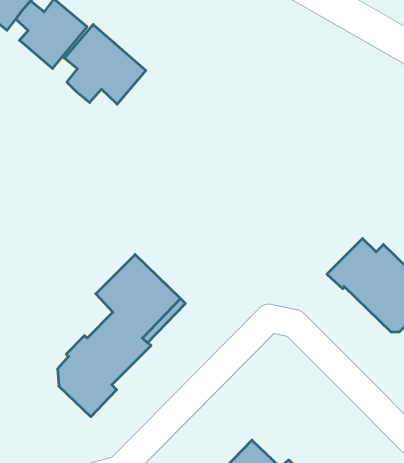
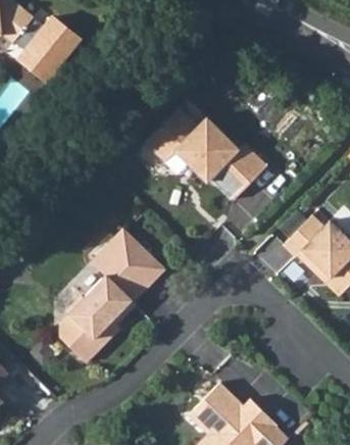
building: [64,24,146,104] -> none
building: none -> [144,107,267,200]

